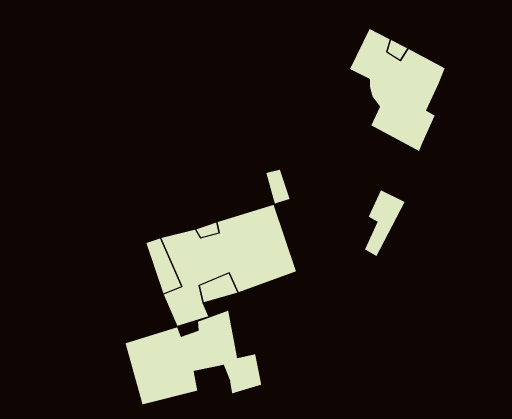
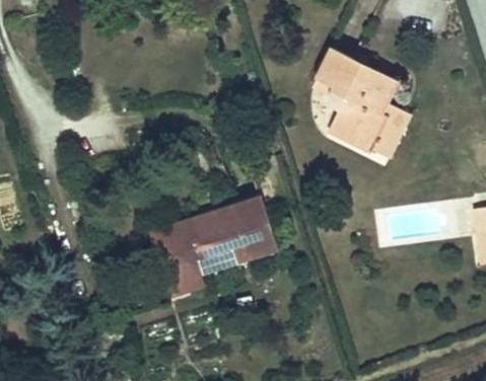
building: [364,189,405,257] -> [377,96,411,151]
building: [125,310,262,405] -> none

